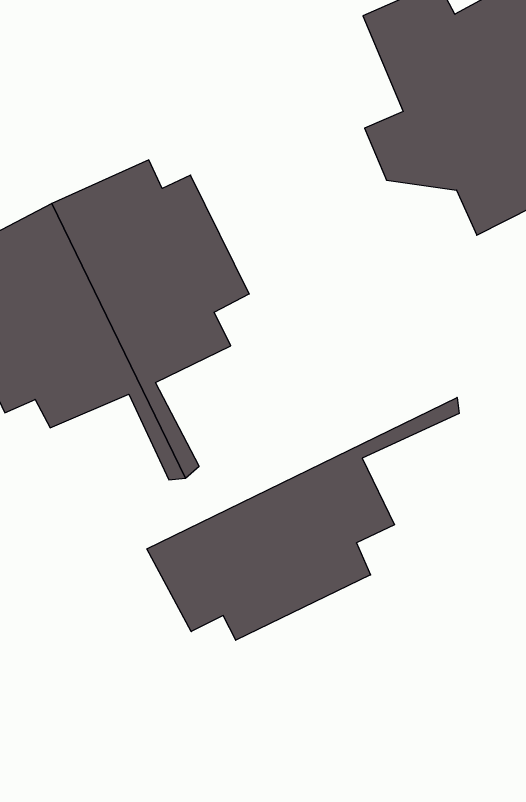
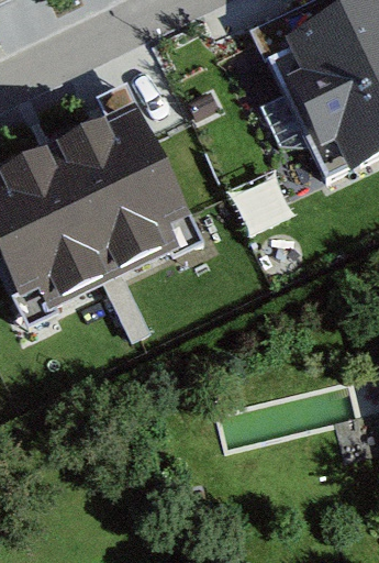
building: [147,397,459,640] -> none

